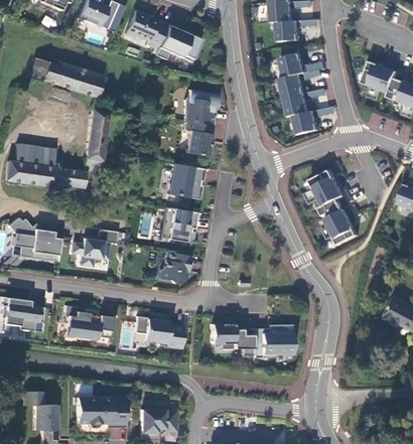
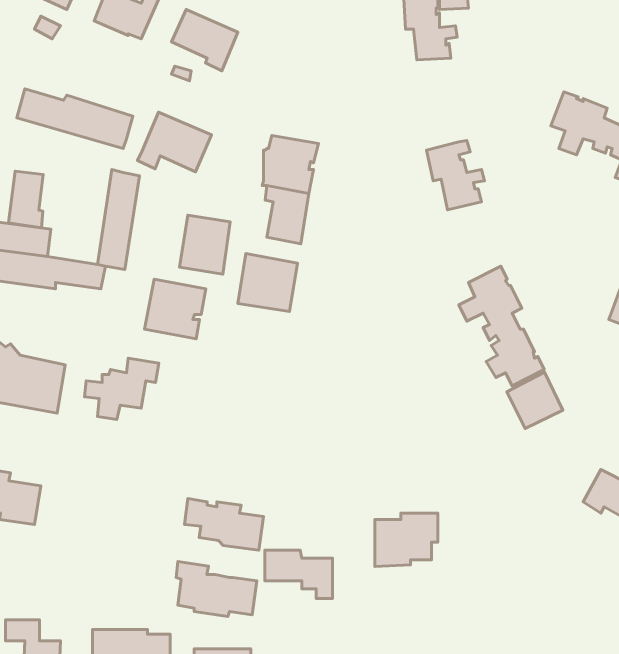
building: [156,25,202,62] -> [137,112,212,172]
building: [282,55,312,99] -> none
building: none -> [8,171,43,228]
building: none -> [179,215,230,274]
building: [161,206,199,244] -> [145,279,206,339]
building: none -> [507,372,563,428]
building: [161,252,192,284] -> none
building: [65,305,116,339] -> [176,561,257,616]
building: [213,324,255,354] -> [265,550,332,599]

